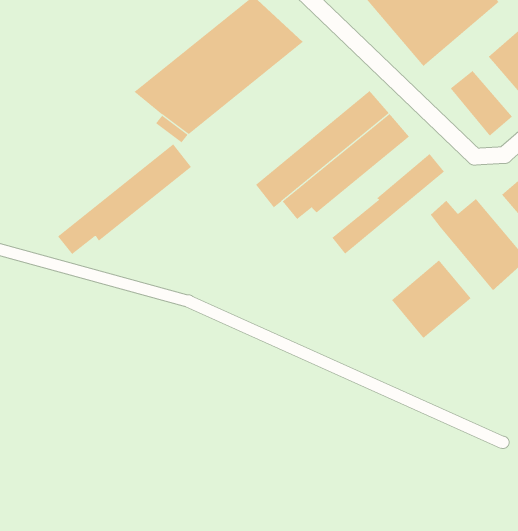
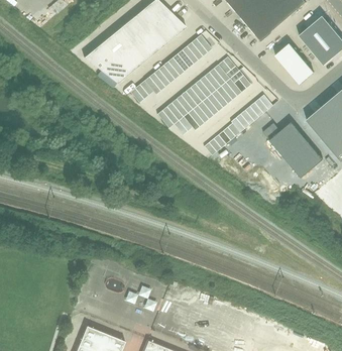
building: [57,143,192,255] -> [130,34,212,102]
building: [391,260,472,339] -> none

